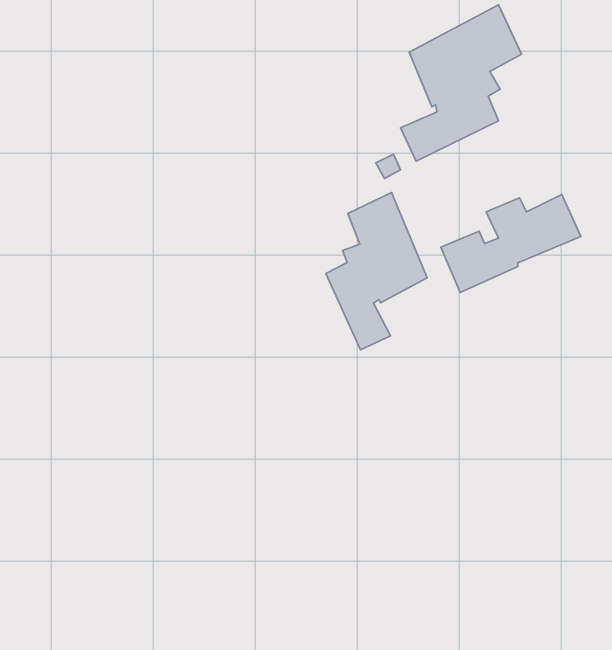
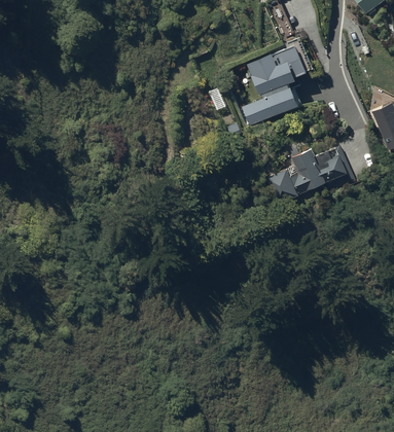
building: [326,192,427,350] -> none

